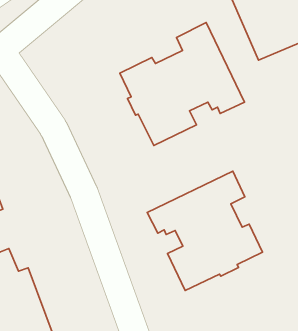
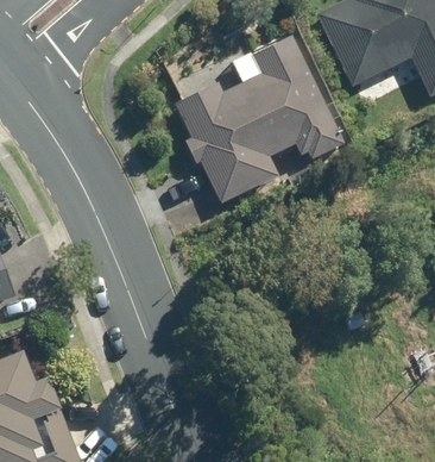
building: [147,171,263,290] -> none

